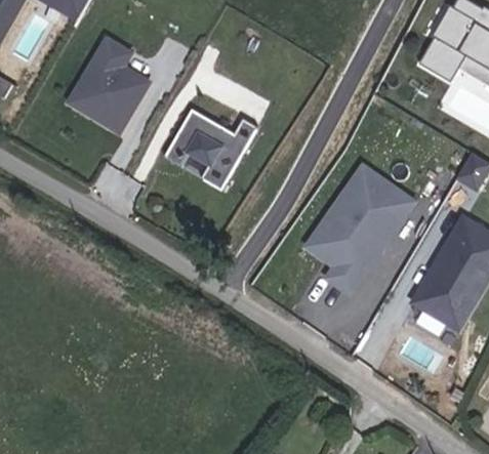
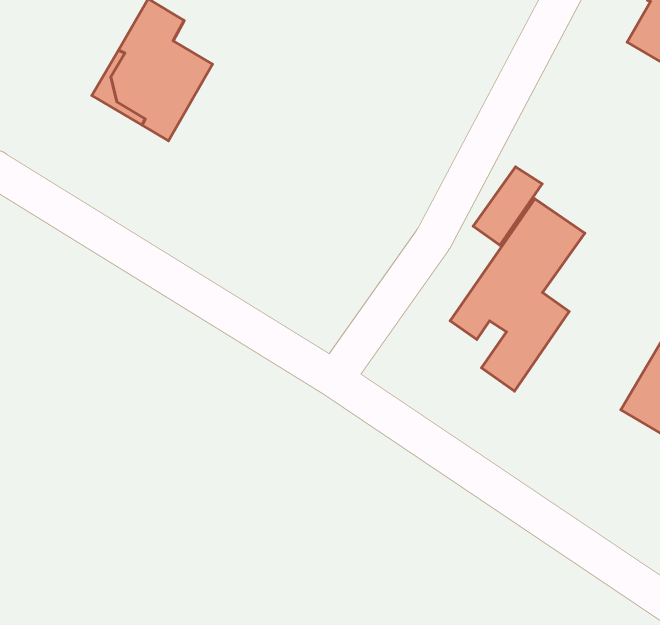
building: [159,111,253,192] -> none
building: [364,190,409,241] -> [473,167,542,245]

